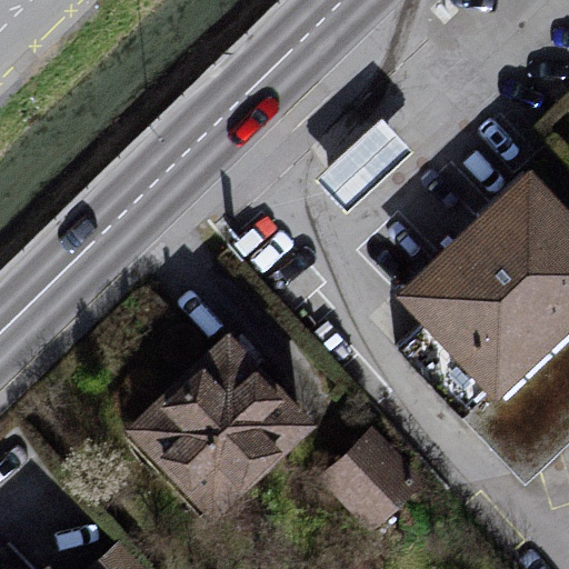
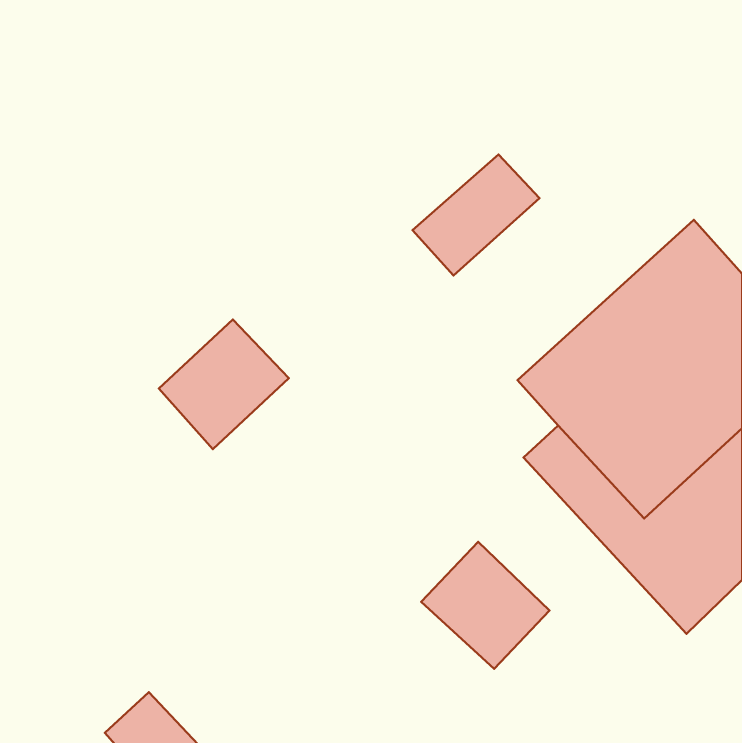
building: none -> [159,319,289,449]
building: [131,336,322,526] -> none

